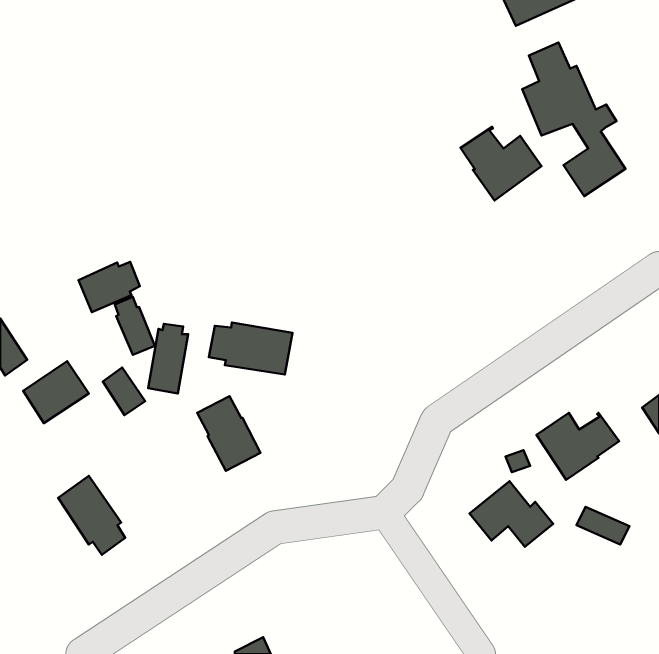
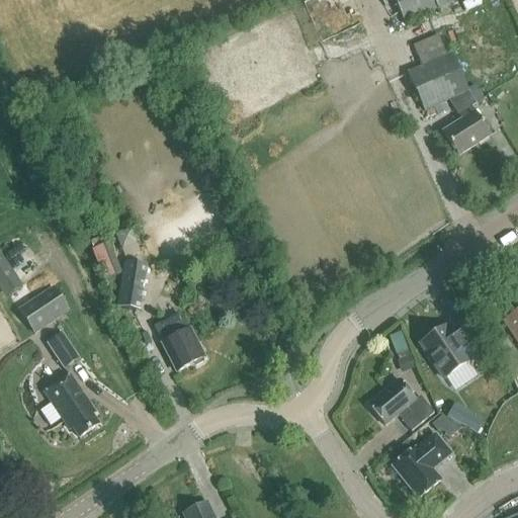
building: [460,127,542,200] -> none
building: [78,262,140,312] -> none
building: [209,322,292,374] -> none
building: [103,367,145,415] -> [47,330,80,367]
building: none -> [394,433,450,496]

